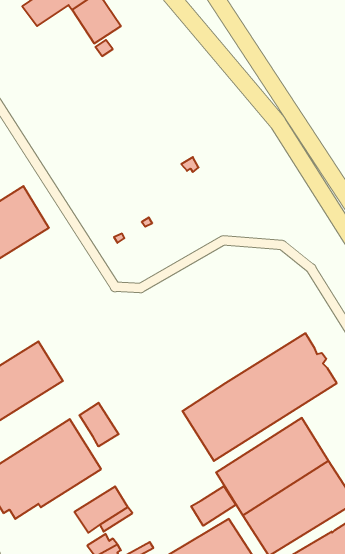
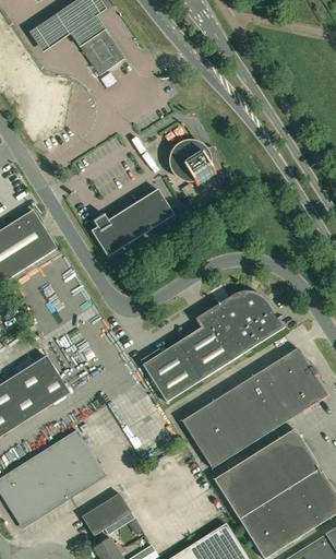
building: none -> [172,141,217,187]
building: none -> [91,188,173,255]
building: none -> [142,292,285,401]
building: [79,403,119,446] -> none
building: [191,486,236,526] -> none

